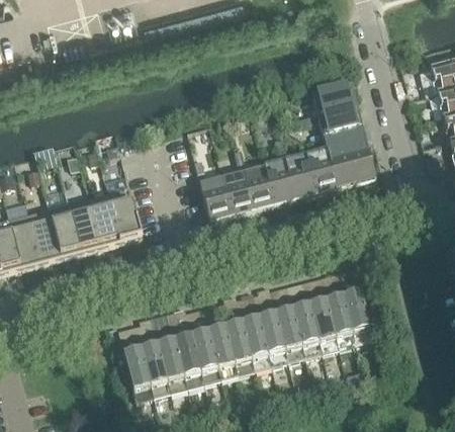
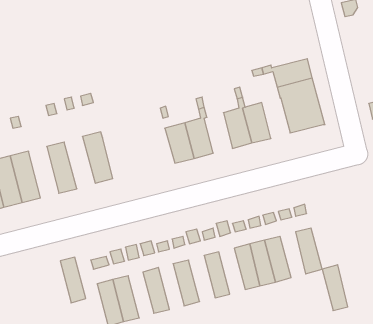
building: [312,81,357,112] -> none
building: [306,146,338,190] -> none
building: [243,162,274,206] -> none
building: [88,188,122,246] -> none
building: [49,199,82,256] -> none
building: [327,293,355,344] -> [322,265,348,311]
building: [259,312,288,362] -> none
building: [225,320,255,370] -> none
building: [192,329,220,379] -> none
building: [159,338,187,388] -> [60,257,86,303]

